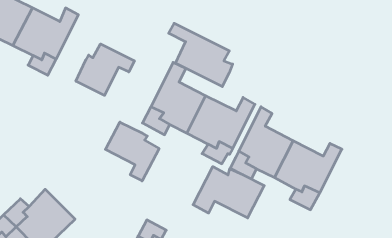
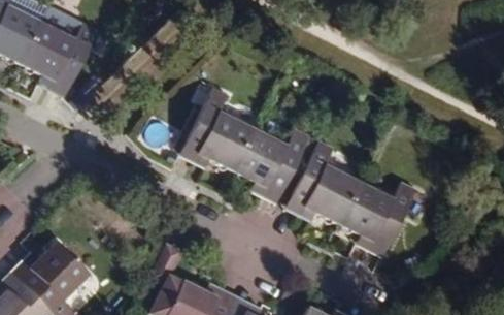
building: [169,23,233,87] -> none
building: [76,44,134,95] -> none
building: [105,122,159,181] -> none
building: [193,167,264,218] -> none

